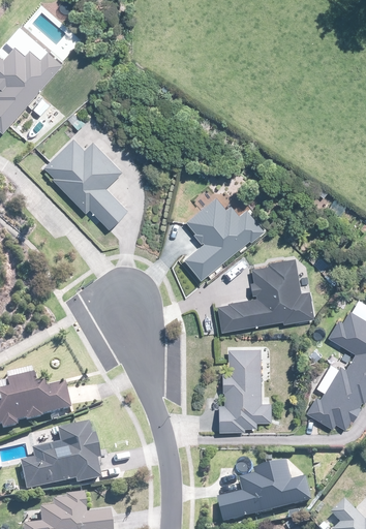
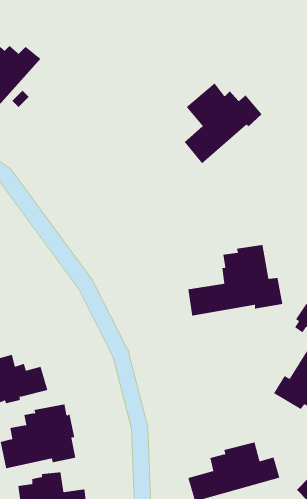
building: [42,136,129,229] -> none
building: [183,196,265,281] -> [184,82,263,164]
building: [220,349,271,432] -> none

